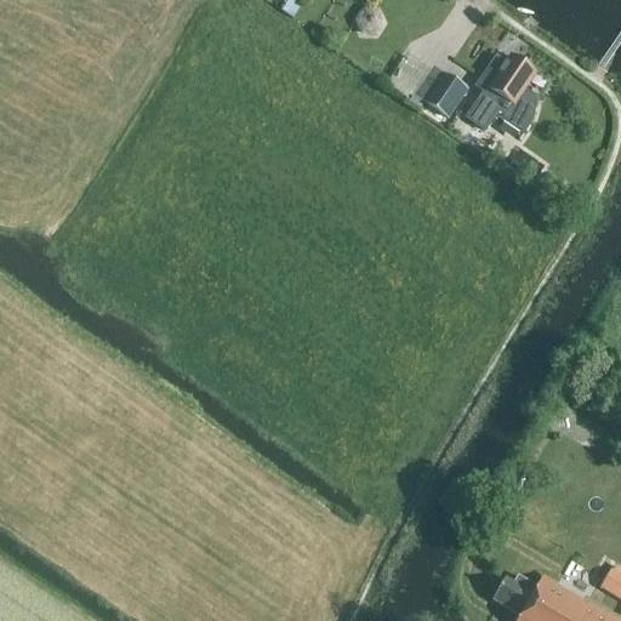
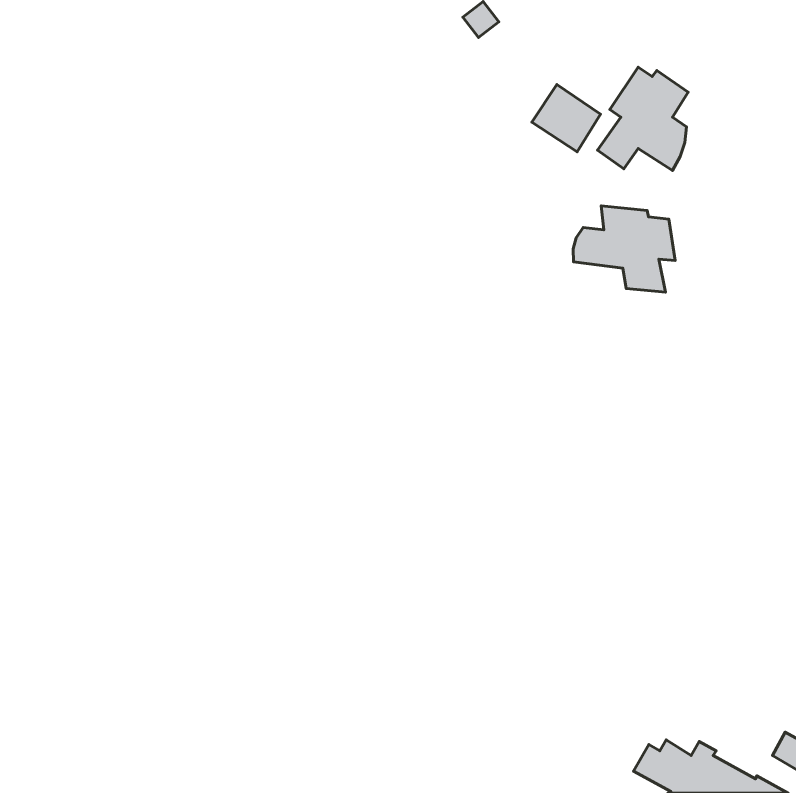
building: none -> [573,206,675,292]

